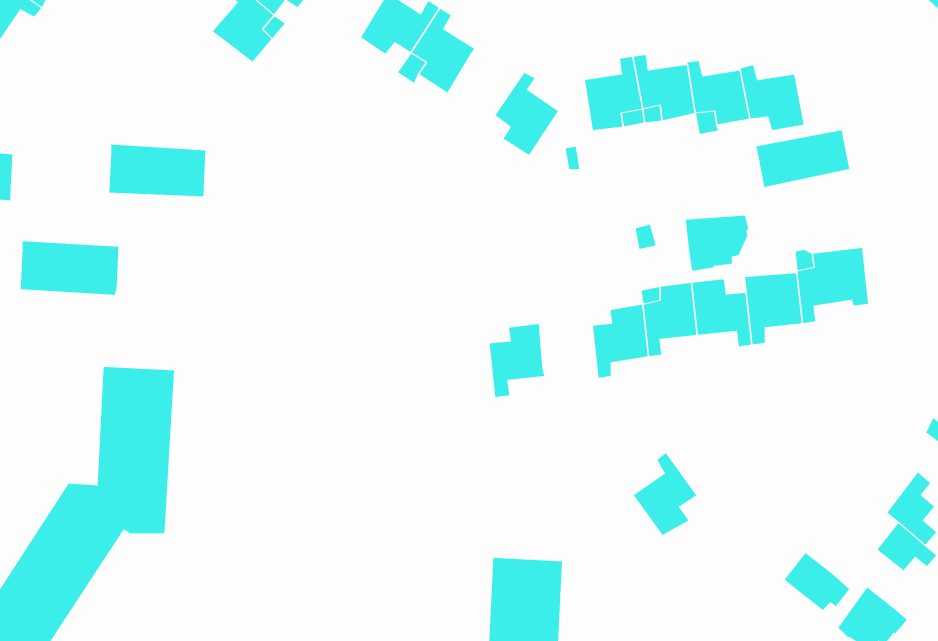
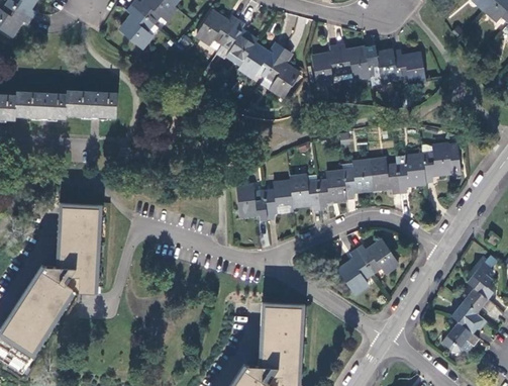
building: none -> [238,43,281,76]
building: [756,129,850,188] -> none
building: [685,215,749,271] -> none
building: [20,241,119,295] -> [15,91,67,119]
building: none -> [289,178,319,212]
building: none -> [235,187,266,222]
building: none -> [354,240,397,272]
building: [784,552,850,611] -> [452,300,487,330]

